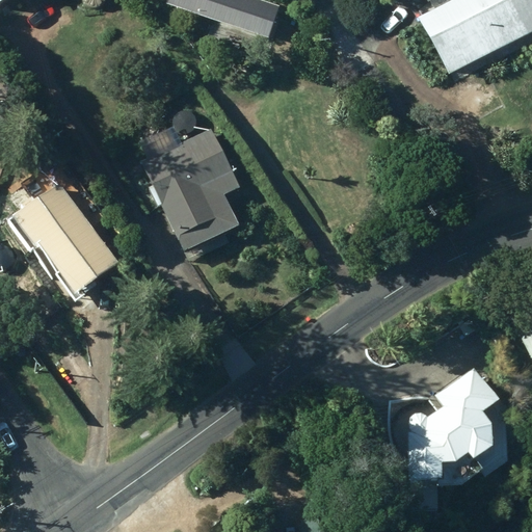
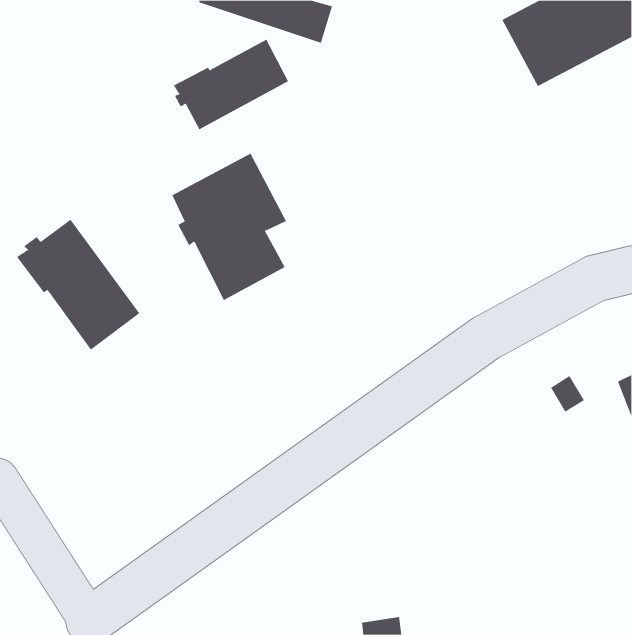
building: none -> [173,39,289,130]
building: [413,373,493,475] -> none

